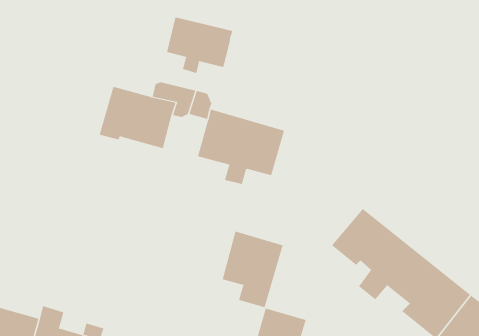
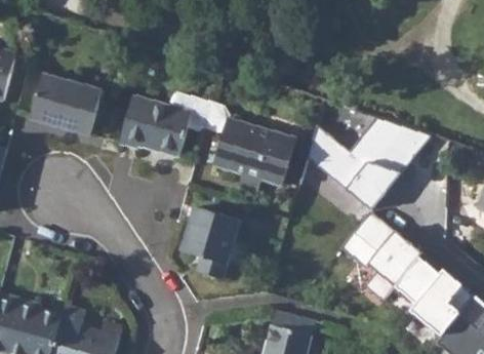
building: [167,17,233,74] -> none
building: none -> [32,73,104,134]
building: none -> [307,118,429,207]
building: [222,231,284,308] -> [185,205,243,278]

